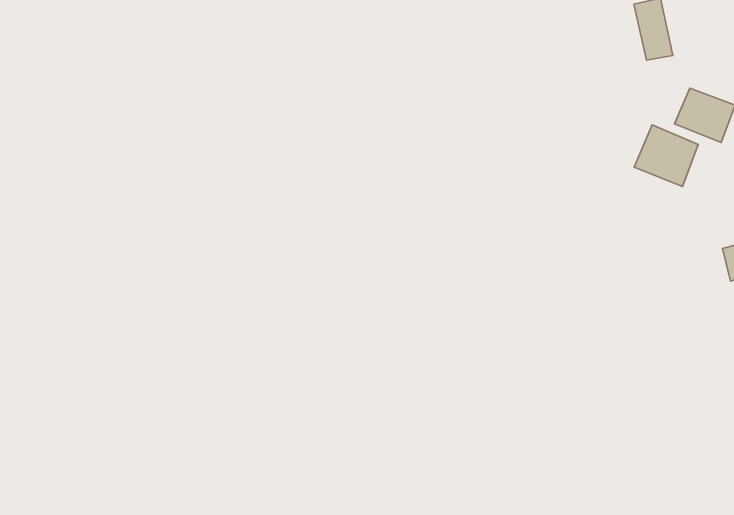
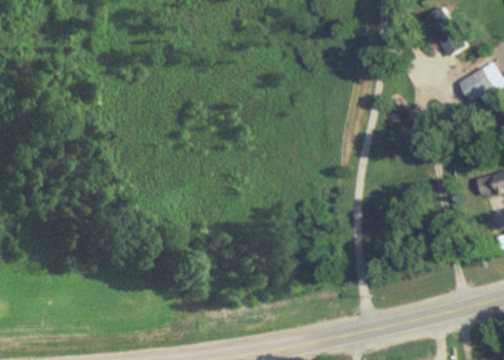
building: [634,125,698,187] -> none

